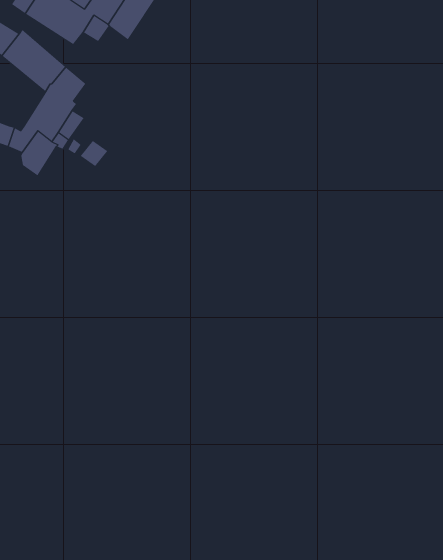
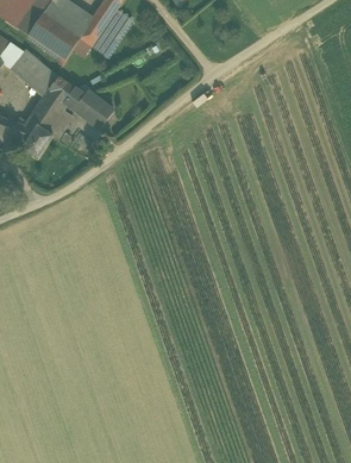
building: none -> [64,88,113,129]

